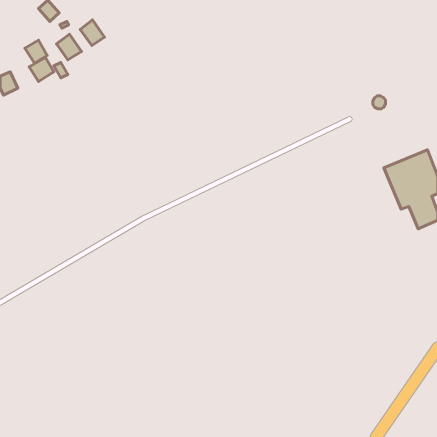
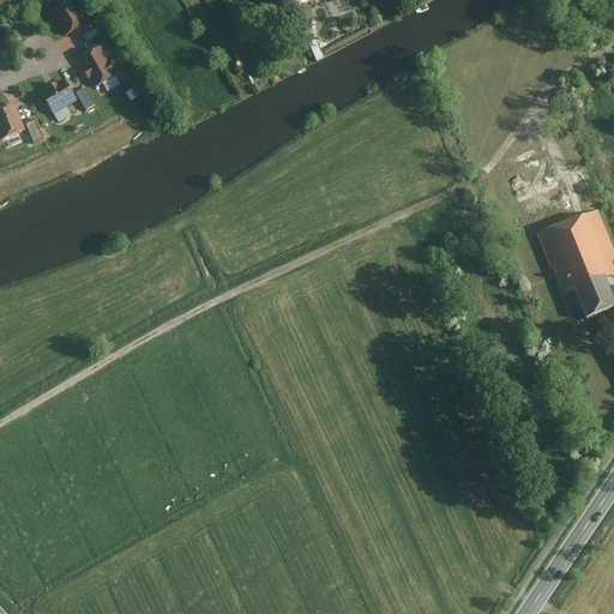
building: [80,20,105,46] -> none
building: [25,40,47,63] -> none

